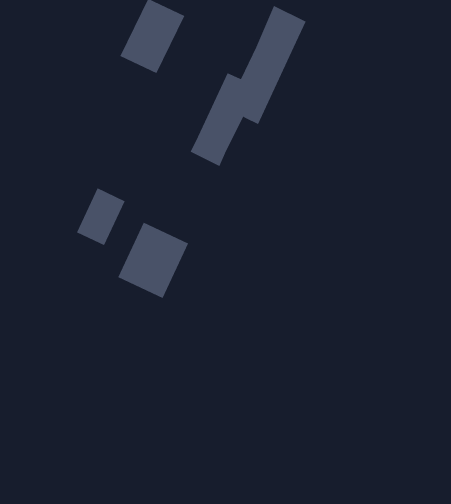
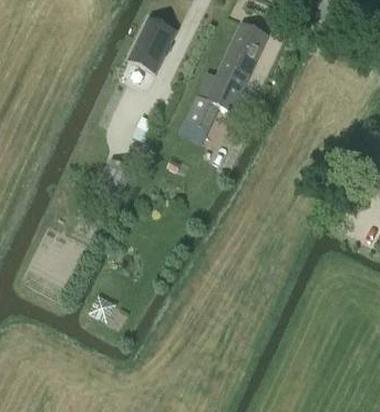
building: [117,222,189,299] -> none

